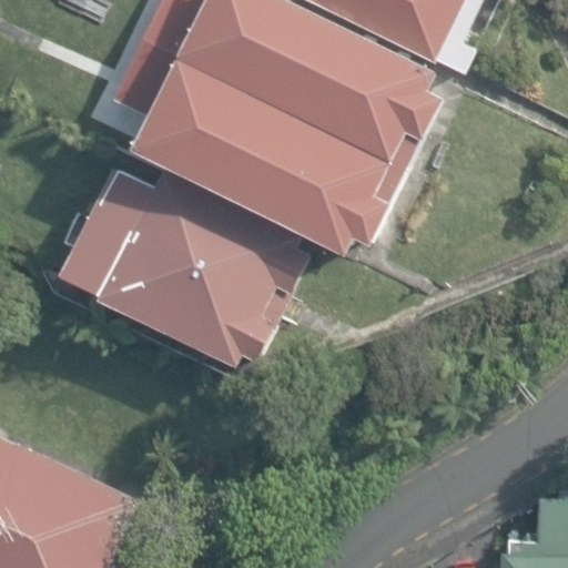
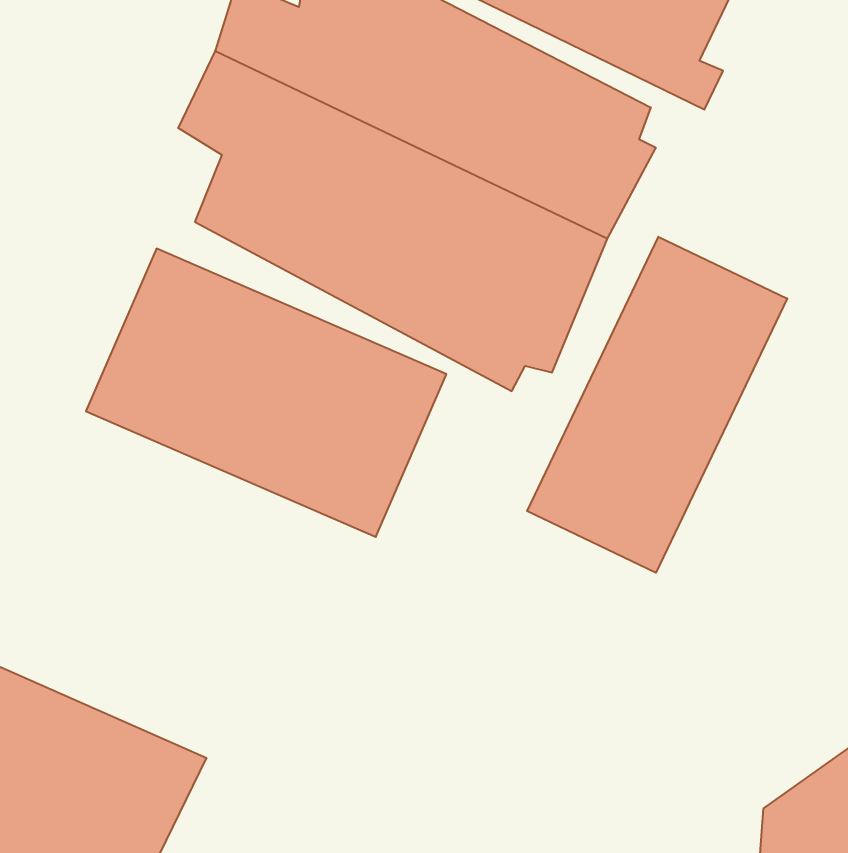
building: none -> [527,237,787,573]

